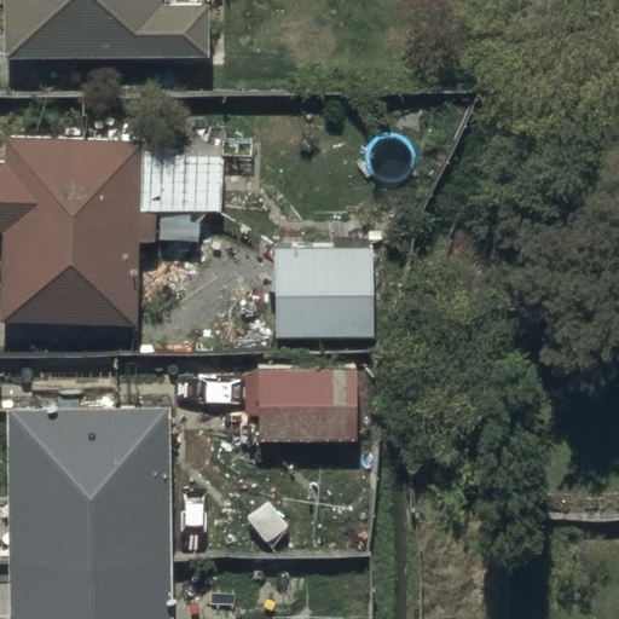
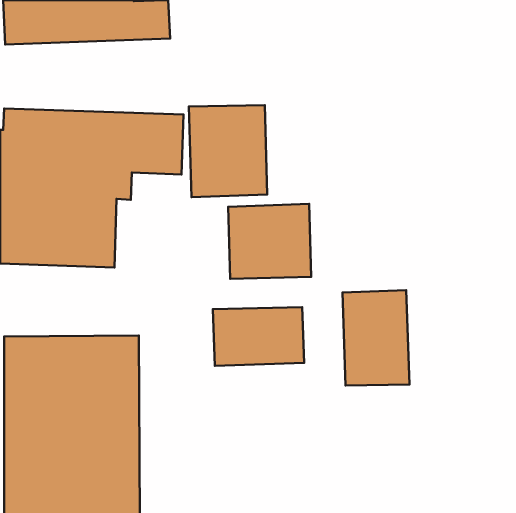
building: none -> [189,105,267,197]
building: none -> [342,290,409,386]

